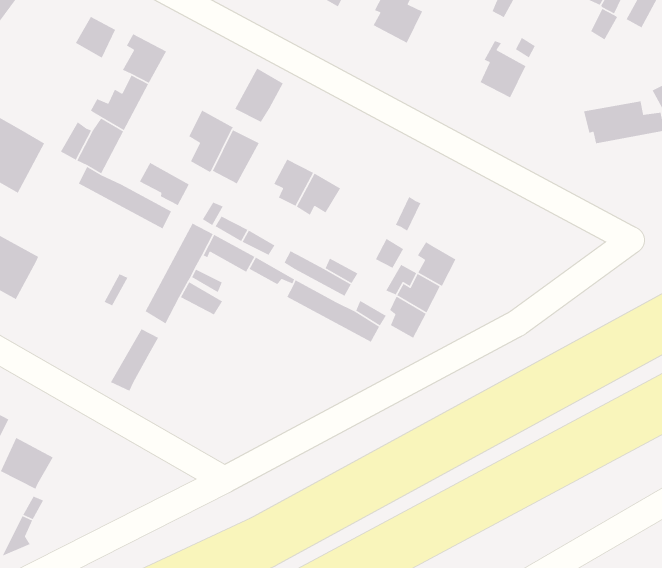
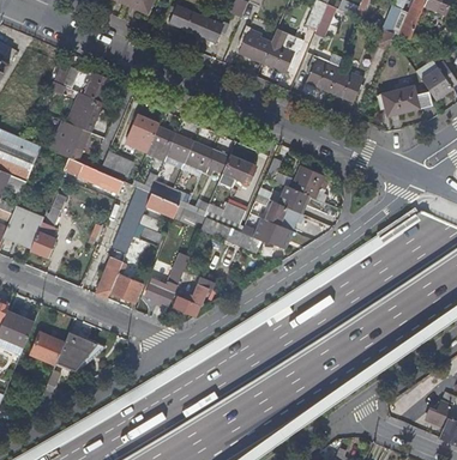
building: none -> [263,41,297,71]
building: none -> [331,69,365,101]
building: [234,67,284,123] -> [163,133,193,168]
building: none -> [217,157,254,188]
building: none -> [290,167,324,198]
building: none -> [29,192,66,256]
building: none -> [145,252,190,303]
building: none -> [109,272,142,302]
building: none -> [173,277,210,315]
building: none -> [54,331,103,369]

